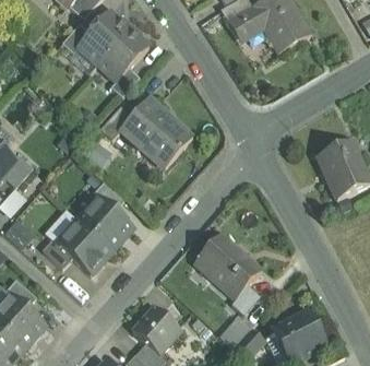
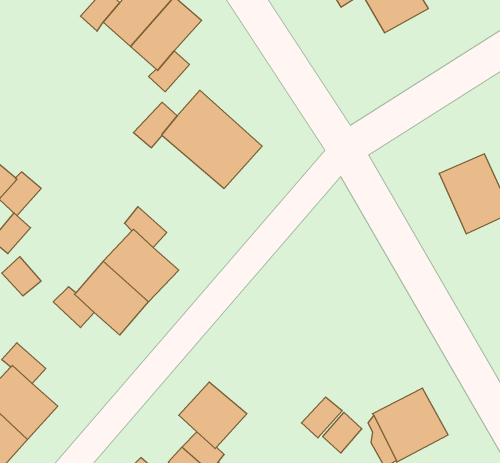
building: [196,234,261,297] -> none

